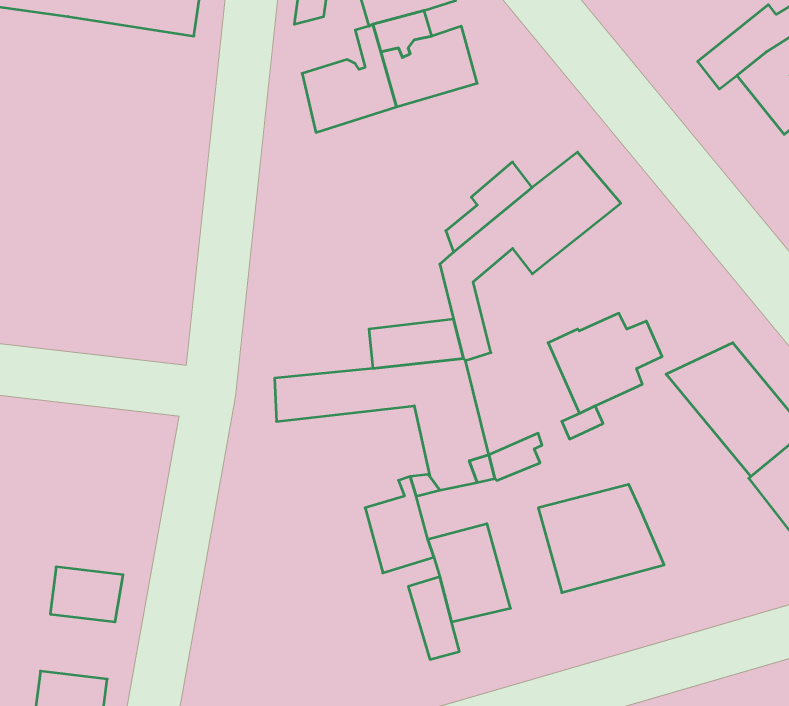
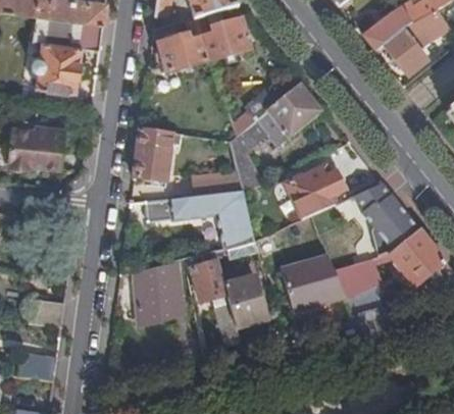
building: none -> [32,12,102,91]
building: none -> [9,126,64,168]
building: none -> [133,128,172,179]
building: none -> [334,257,380,297]
building: none -> [136,261,185,324]

